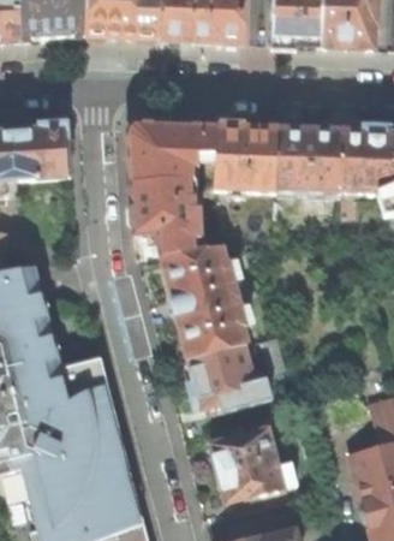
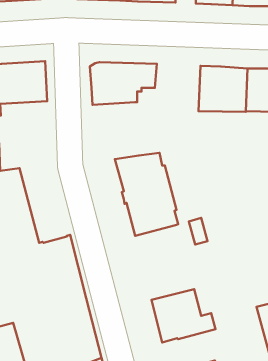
building: [214,125,276,191] -> none
building: [131,177,201,254] -> none
building: [189,343,271,410] -> none

